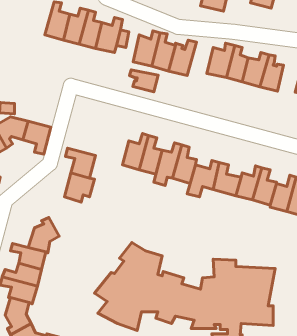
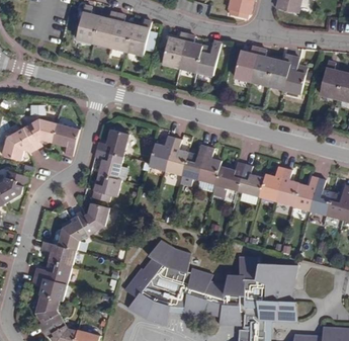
building: [129,70,158,92] -> none
building: none -> [96,127,128,155]
building: none -> [76,201,110,234]

